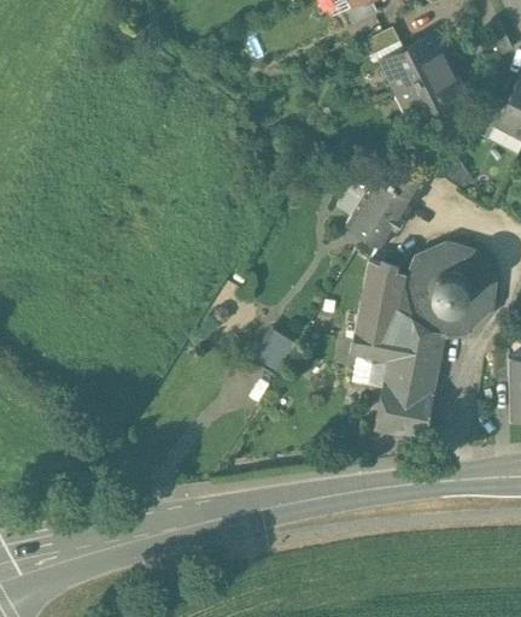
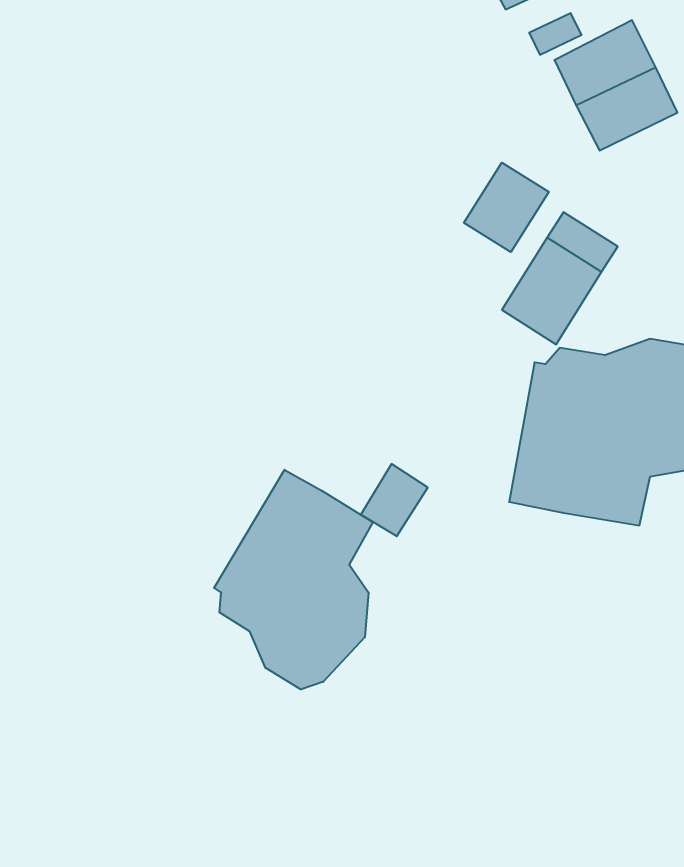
building: none -> [464,163,549,252]
building: none -> [214,470,373,689]
building: [373,362,438,440] -> none

